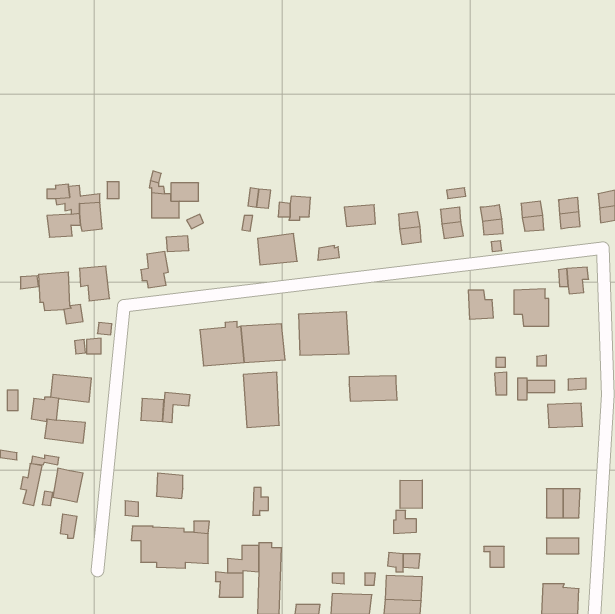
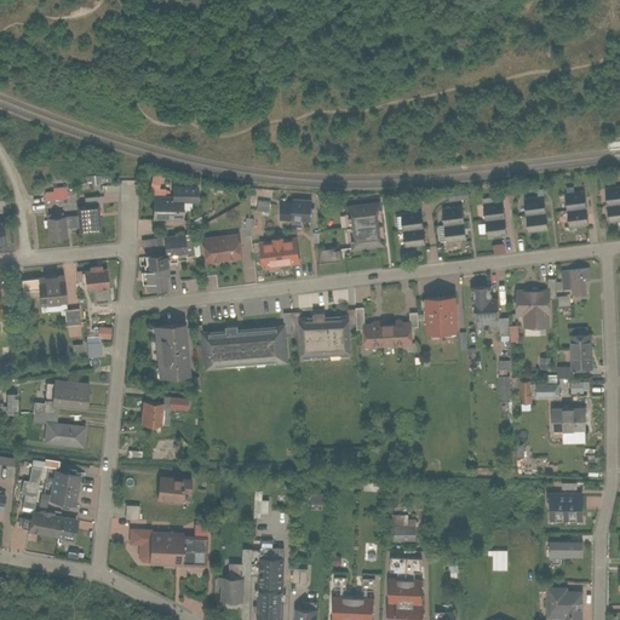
building: none -> [349,225,380,247]
building: none -> [201,231,242,262]
building: none -> [425,294,459,331]
building: none -> [569,335,591,368]
building: [243,372,279,428] -> [154,321,190,377]
building: [349,376,397,401] -> [364,320,413,345]
building: [400,480,422,508] -> none
building: none -> [28,511,63,536]

